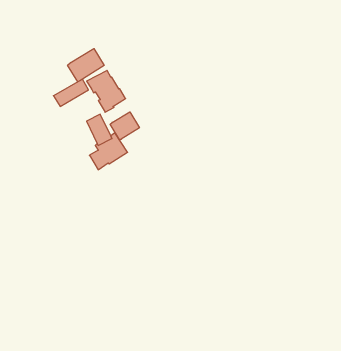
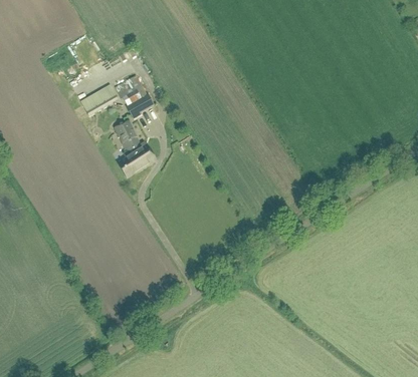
building: [68,49,104,82] -> none
building: [110,112,139,140] -> none

